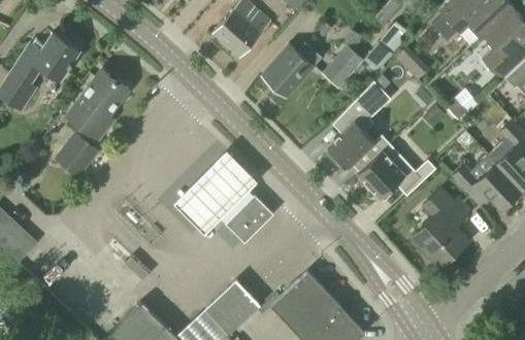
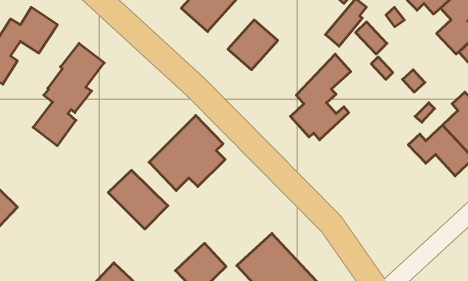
building: [322,44,364,89] -> none
building: [356,142,436,199] -> none
building: [412,189,468,266] -> none
building: [227,197,271,241] -> none
building: none -> [108,170,168,229]

